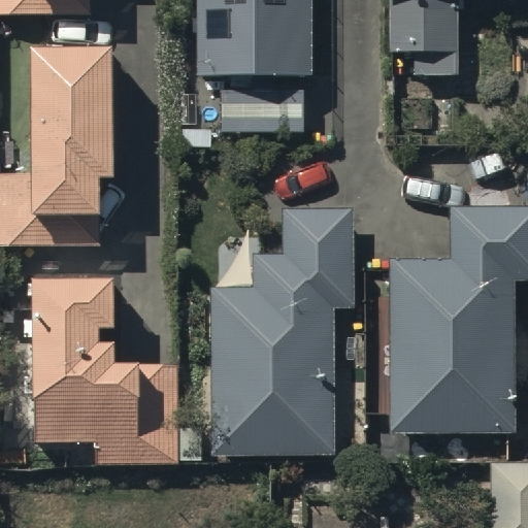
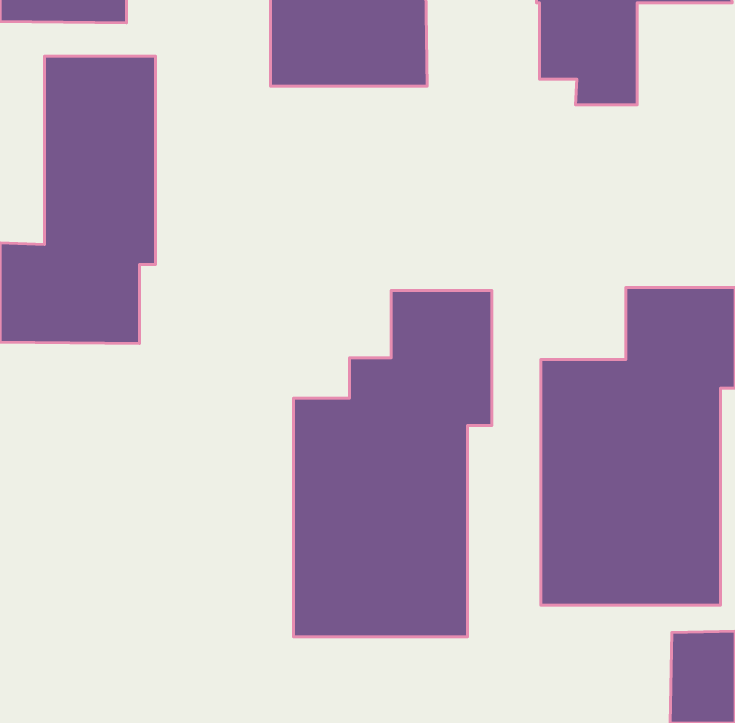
building: [31,273,177,447] -> none

